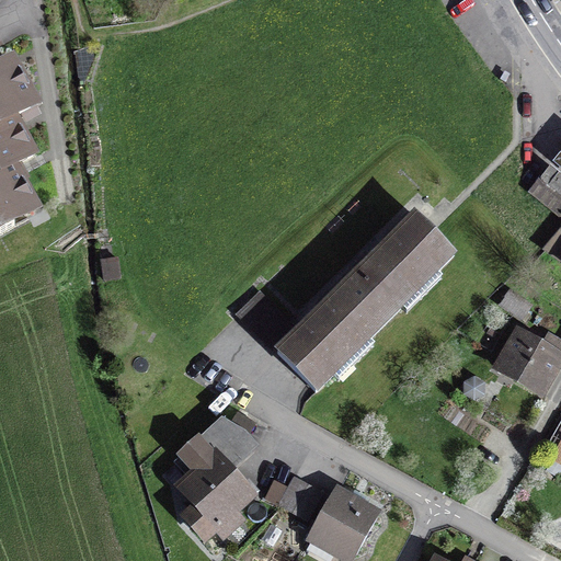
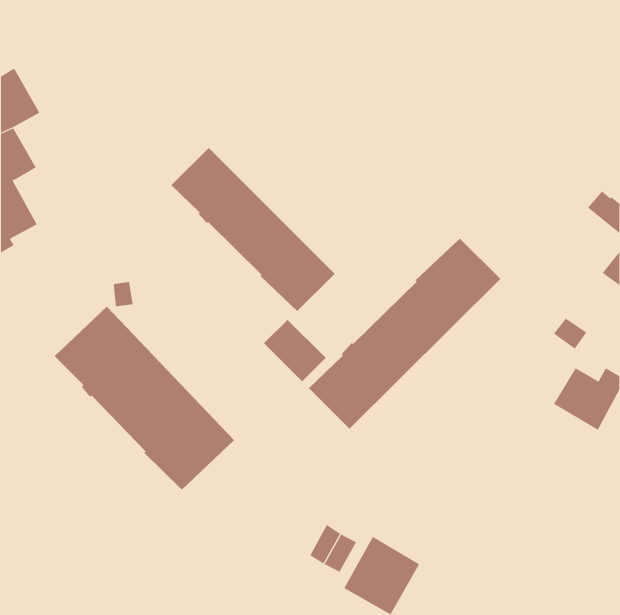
building: none -> [171,147,335,312]
building: none -> [54,306,235,490]
building: [175,415,253,537] -> none

